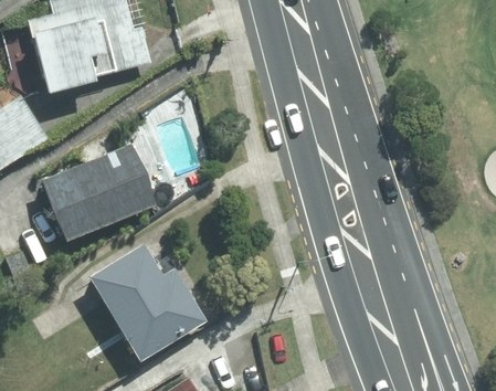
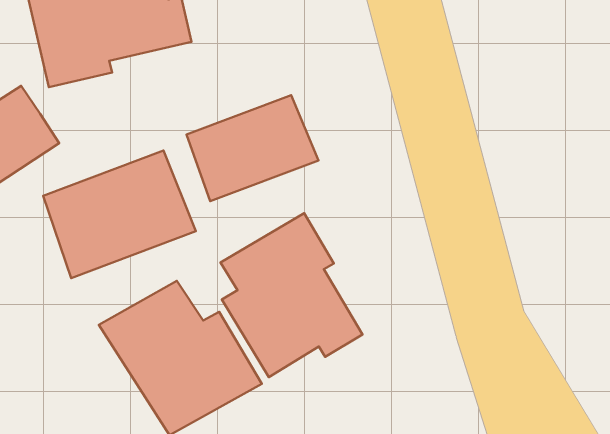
building: none -> [187,95,318,201]
building: none -> [220,213,363,377]

